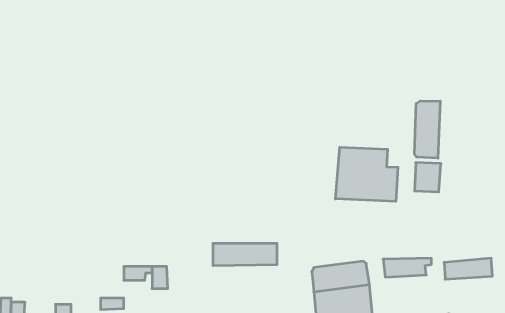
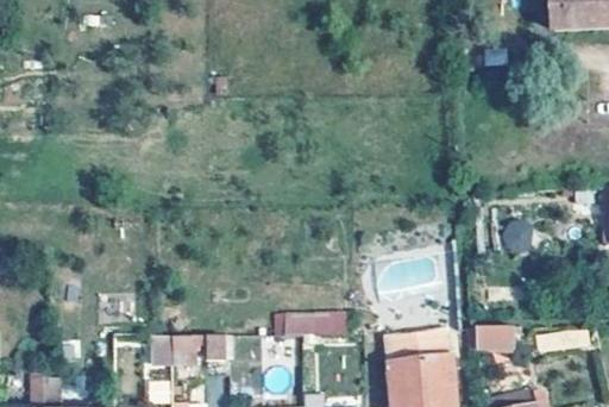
building: [414,101,440,158] -> none
building: [335,147,398,201] -> none

